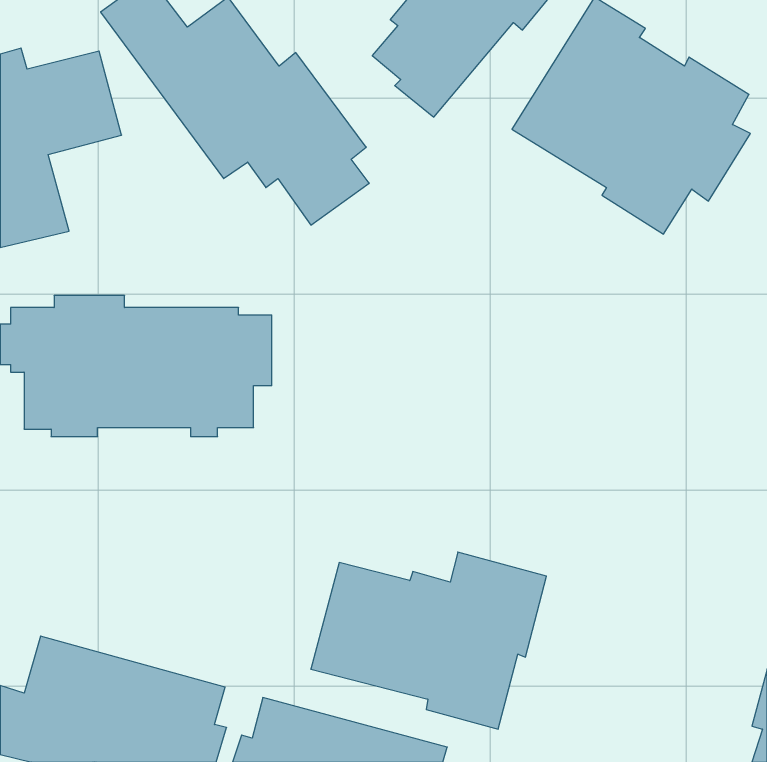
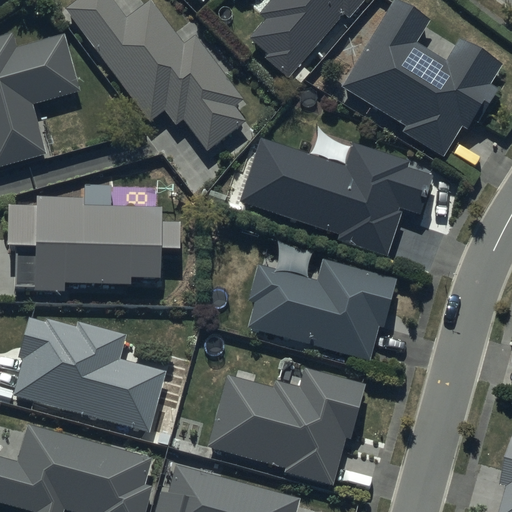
building: none -> [238,137,432,256]
building: none -> [247,258,395,360]
building: none -> [11,317,165,430]

